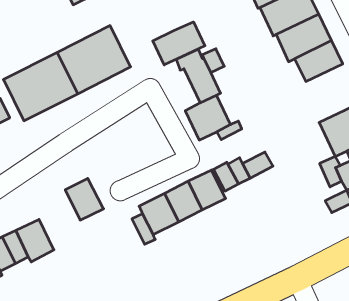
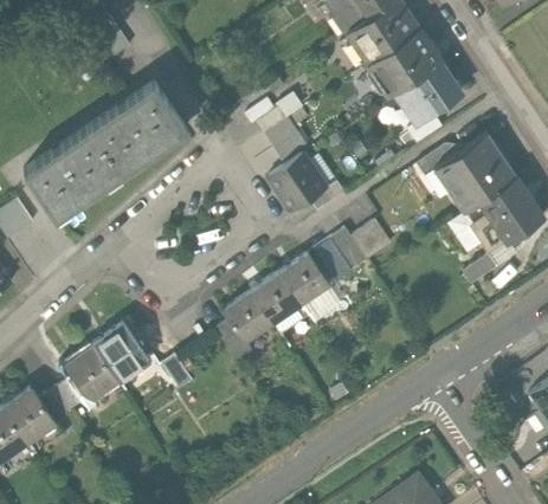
building: [153,22,205,65] -> none
building: none -> [418,134,472,179]
building: [65,178,104,220] -> [95,328,148,383]

